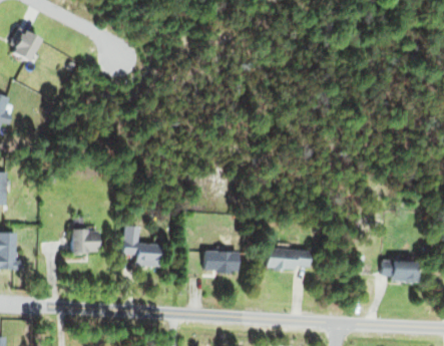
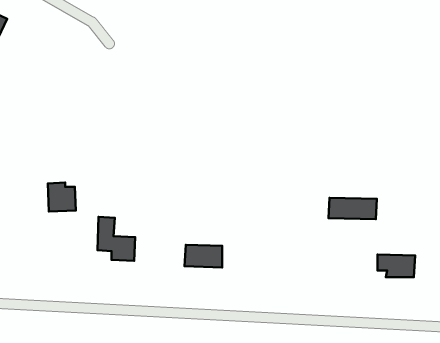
building: [70,227,96,254] -> [48,183,76,212]
building: [266,249,311,269] -> [328,198,377,219]

